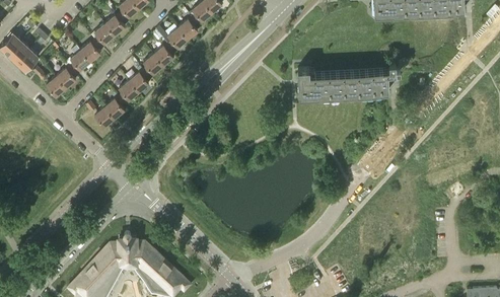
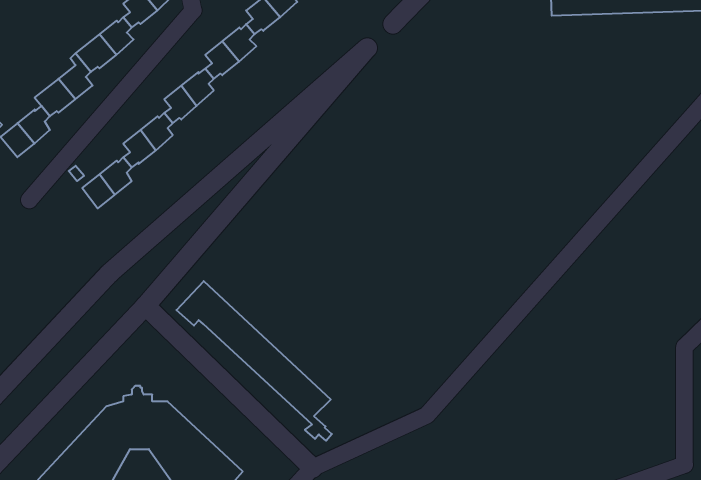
building: [297,63,401,95] -> none
building: none -> [176,281,332,441]

